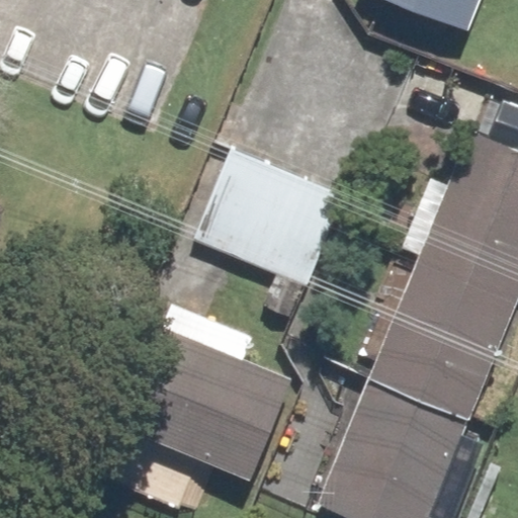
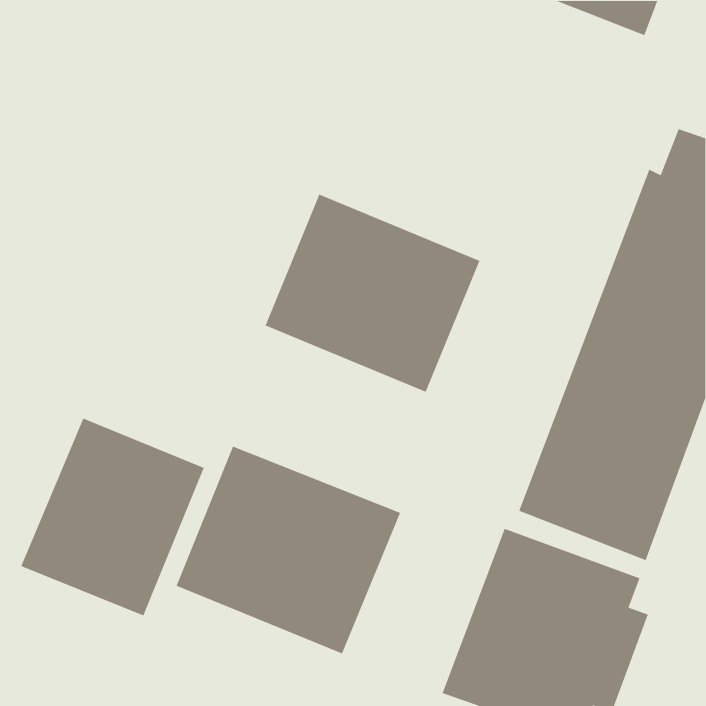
building: none -> [20,417,205,617]

